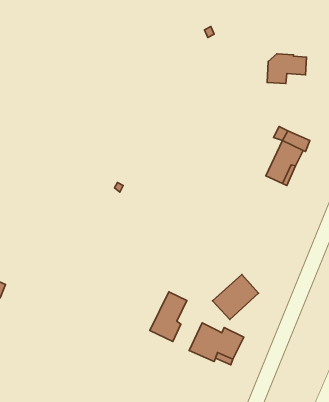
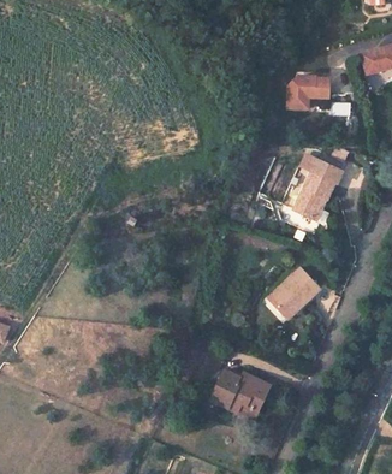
building: [212,275,258,320] -> [268,269,319,319]
building: [150,292,187,342] -> none

